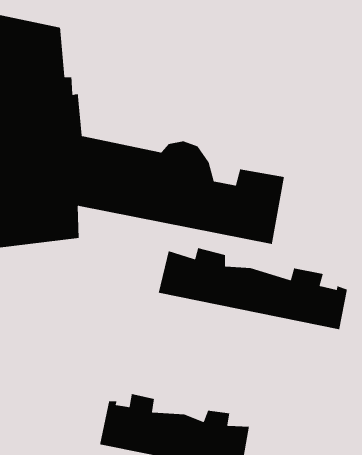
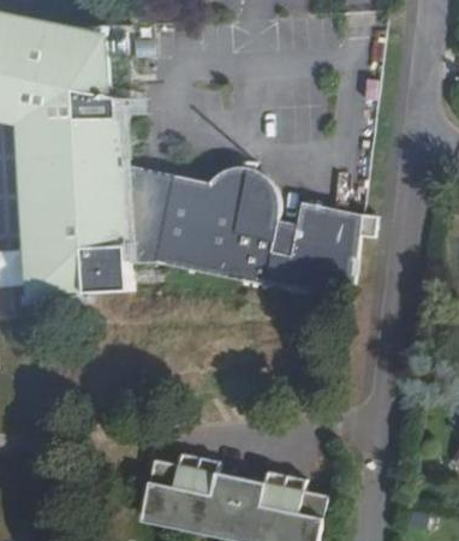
building: [158,247,348,330] -> none

